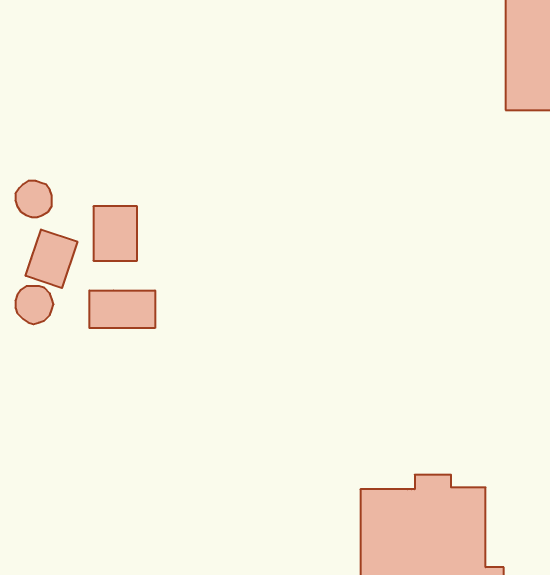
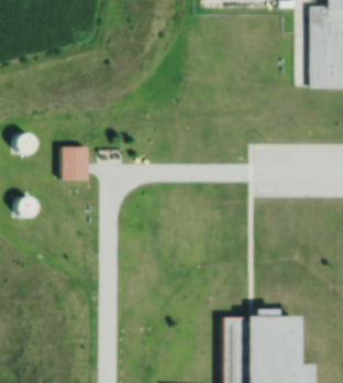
building: [26,229,77,288] -> none
building: [89,290,155,328] -> none

